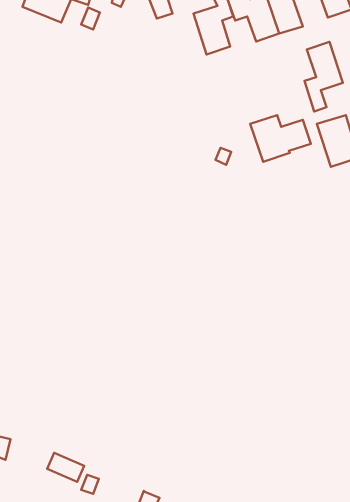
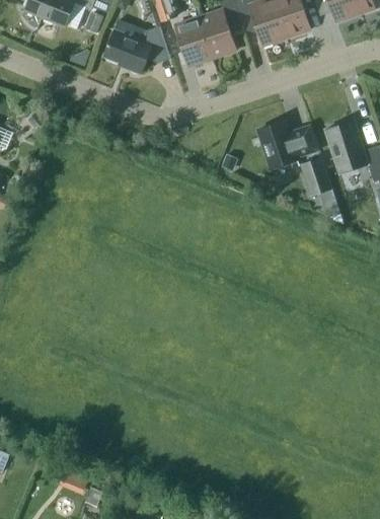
building: none -> [175,17,212,66]
building: none -> [103,26,170,73]
building: [304,42,343,111] -> none
building: none -> [299,157,335,206]

